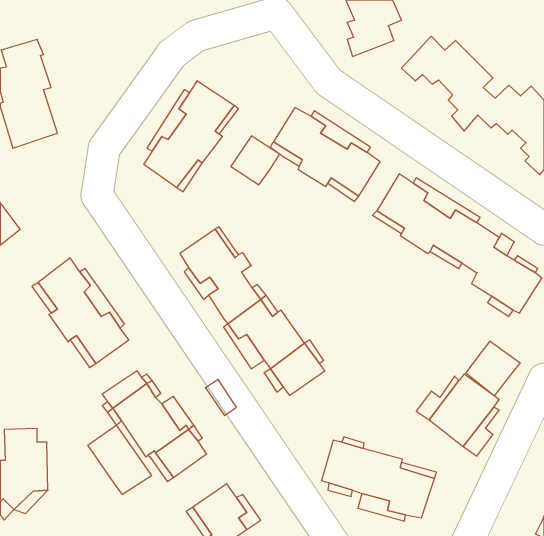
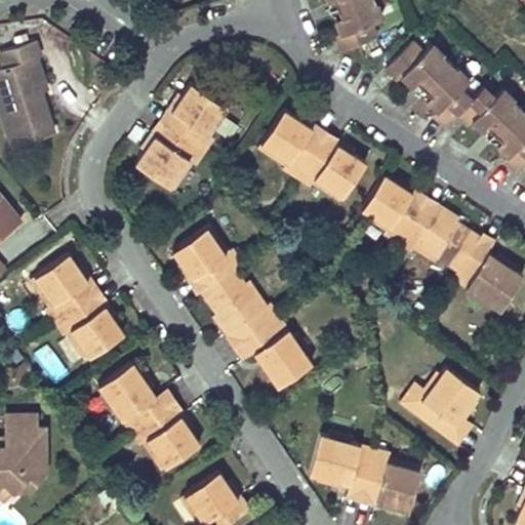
building: [231,136,279,185] -> none
building: [466,341,520,396] -> none
building: [88,425,152,494] -> none

